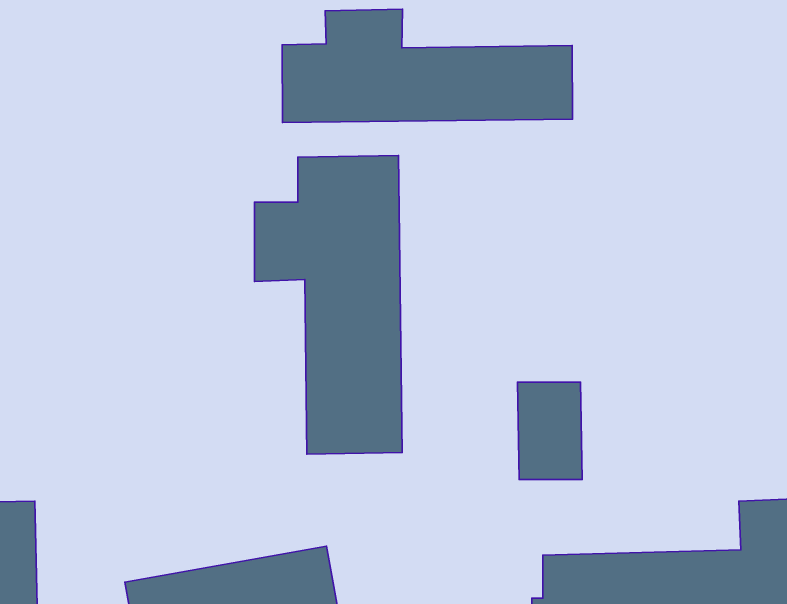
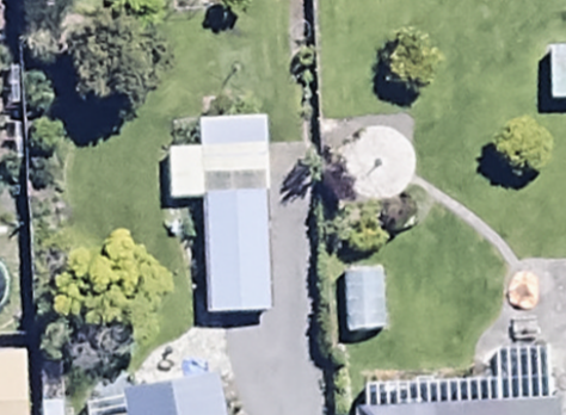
building: [282,9,573,123] -> none

